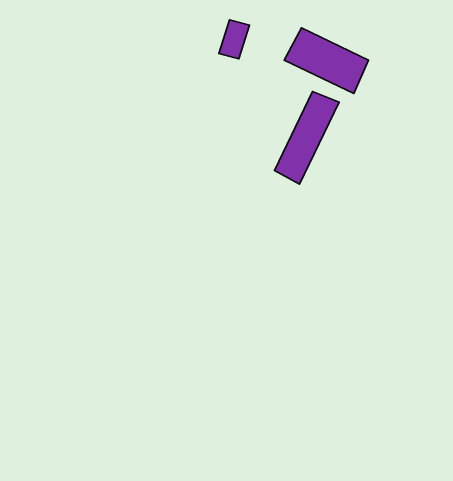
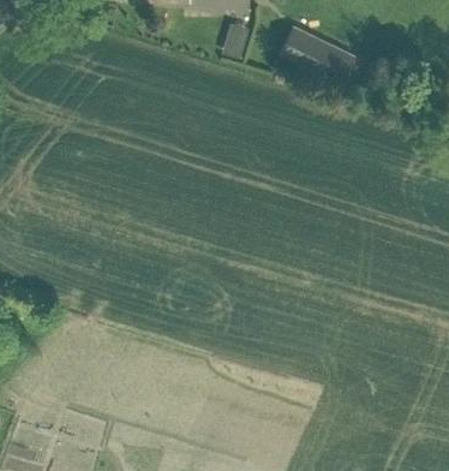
building: [275,92,339,184] -> none

